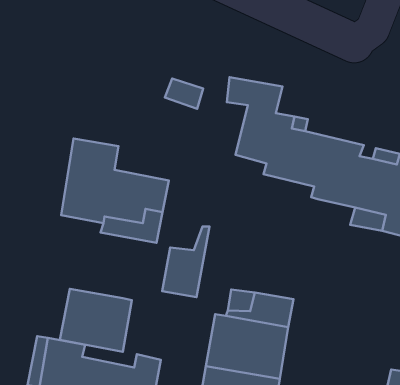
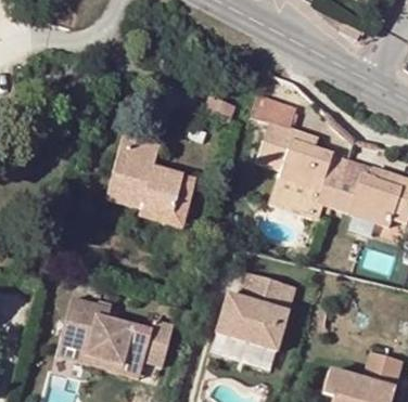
building: none -> [270,179,320,217]
building: [162,226,210,297] -> none
building: [60,289,132,352] -> none

